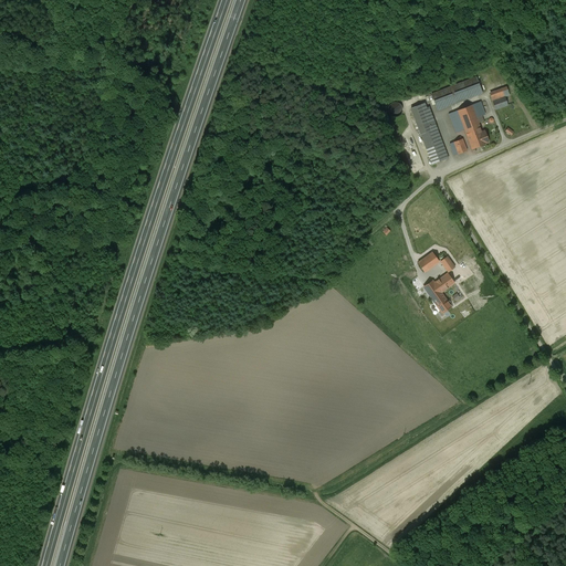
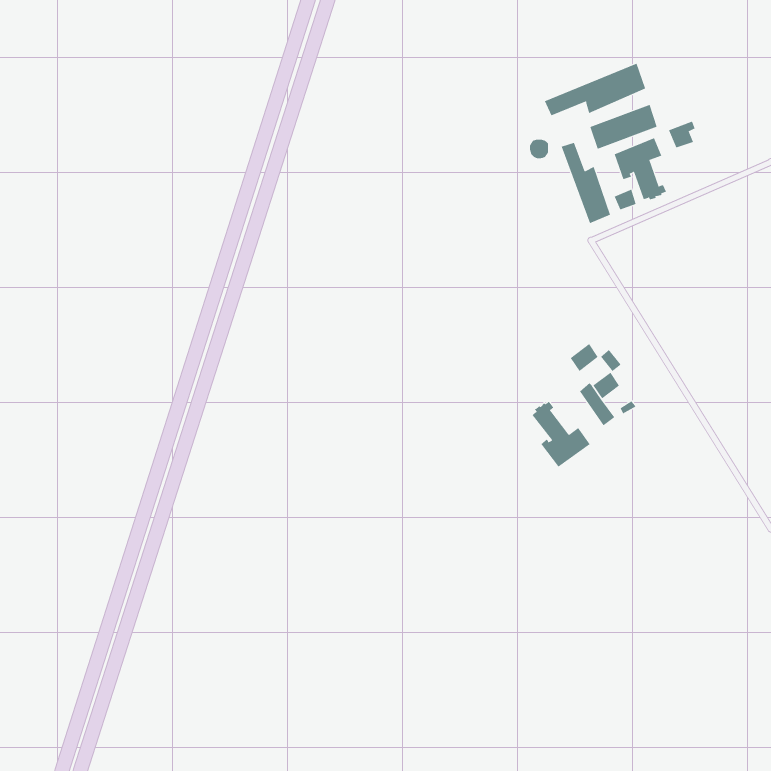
building: none -> [544,63,646,116]
building: none -> [530,401,590,467]

